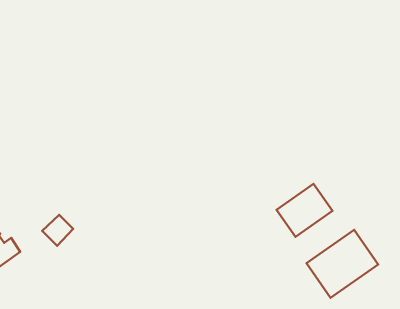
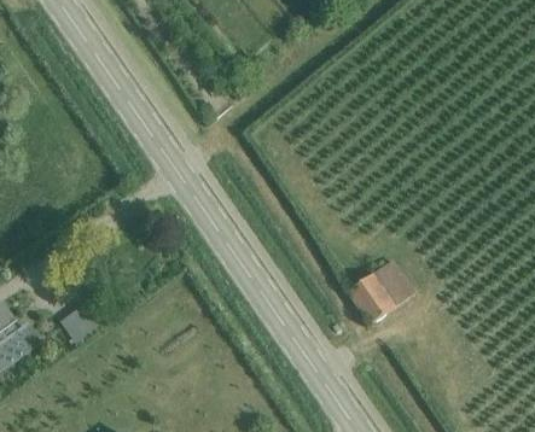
building: [306,230,378,298] -> none

